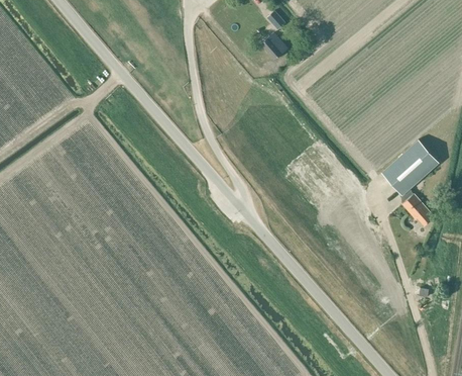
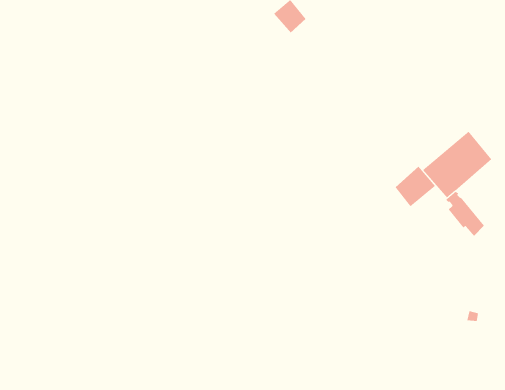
building: none -> [395,166,436,207]

